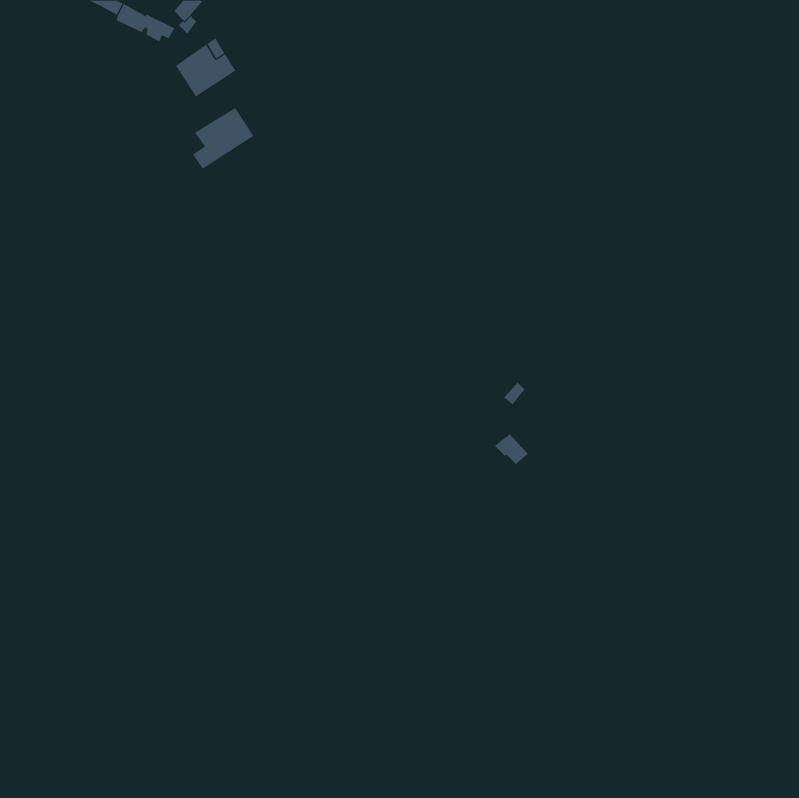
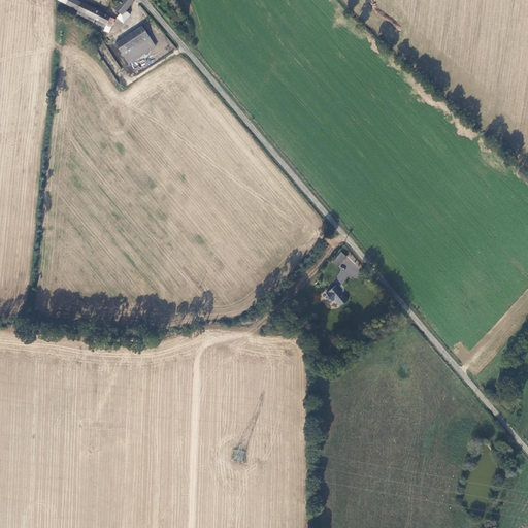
building: [192,107,254,170] -> none

